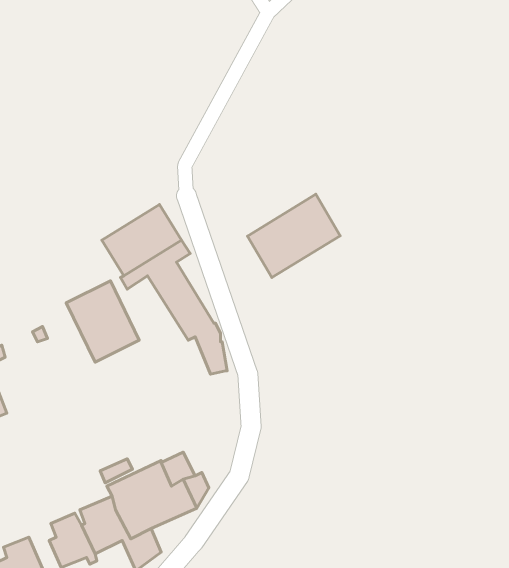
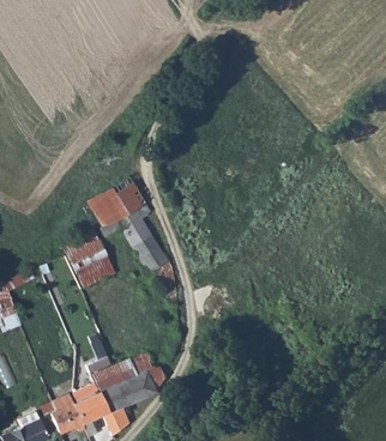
building: [247,194,340,278] -> none

